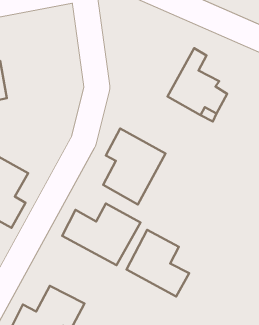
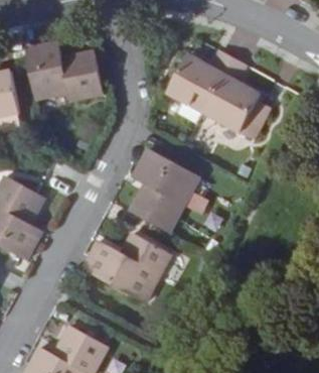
building: none -> [24,41,103,102]
building: none -> [165,50,231,112]
building: [126,230,189,296] -> none

